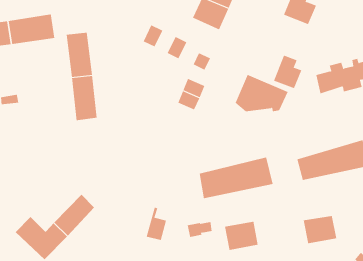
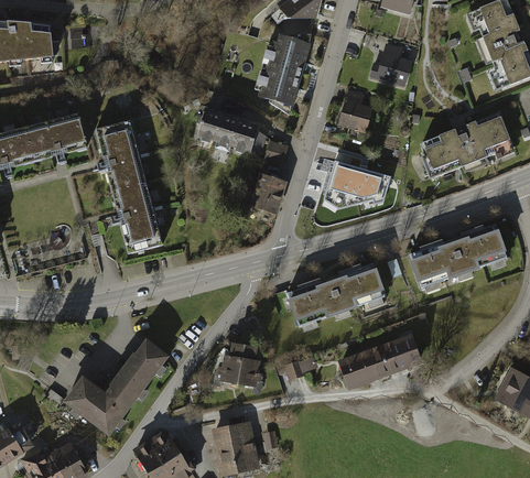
building: none -> [213,117,237,145]
building: [273,55,302,89] -> [337,89,372,131]
building: none -> [215,344,239,384]
building: [303,215,337,244] -> [370,335,418,376]

